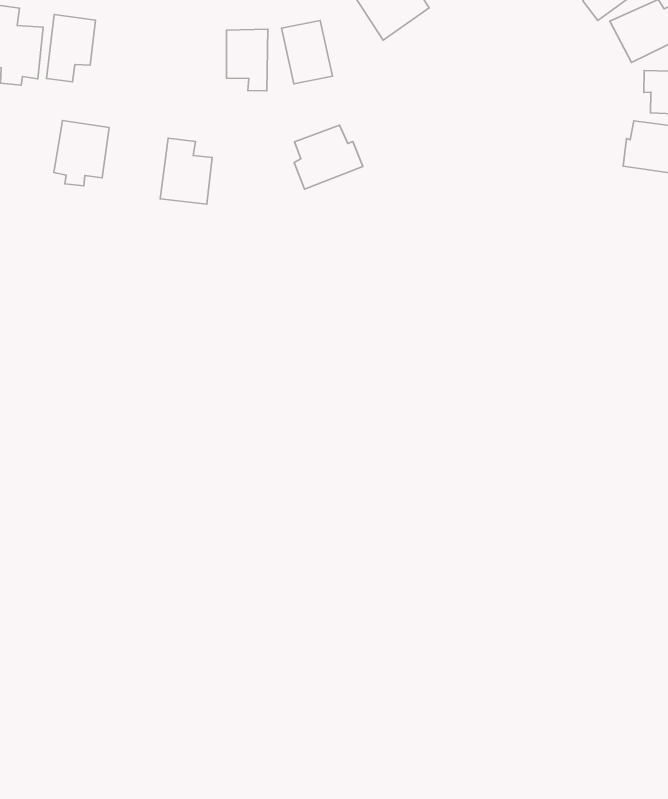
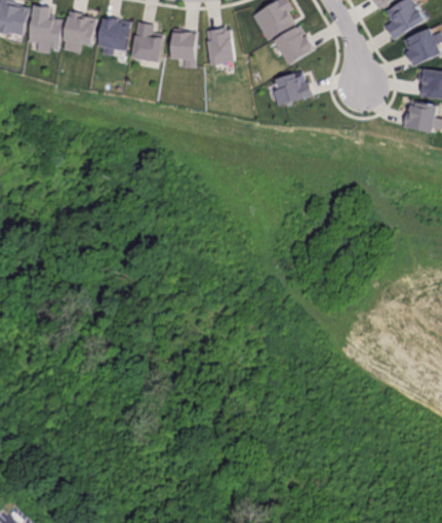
building: none -> [273,24,315,66]
building: [54,121,109,186] -> [94,14,129,54]
building: [294,125,363,189] -> [273,70,314,107]
building: [160,138,212,204] -> [130,21,163,62]

